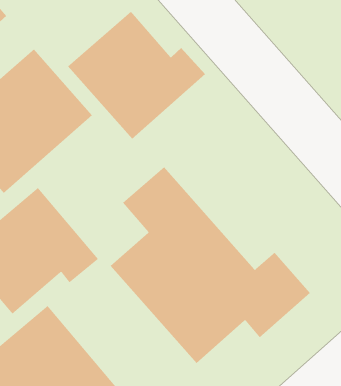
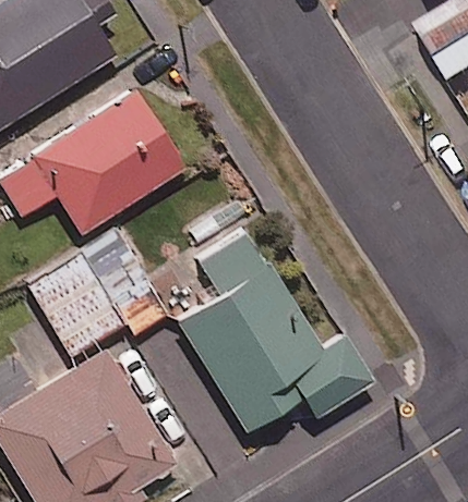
building: [67,11,206,139] -> none

